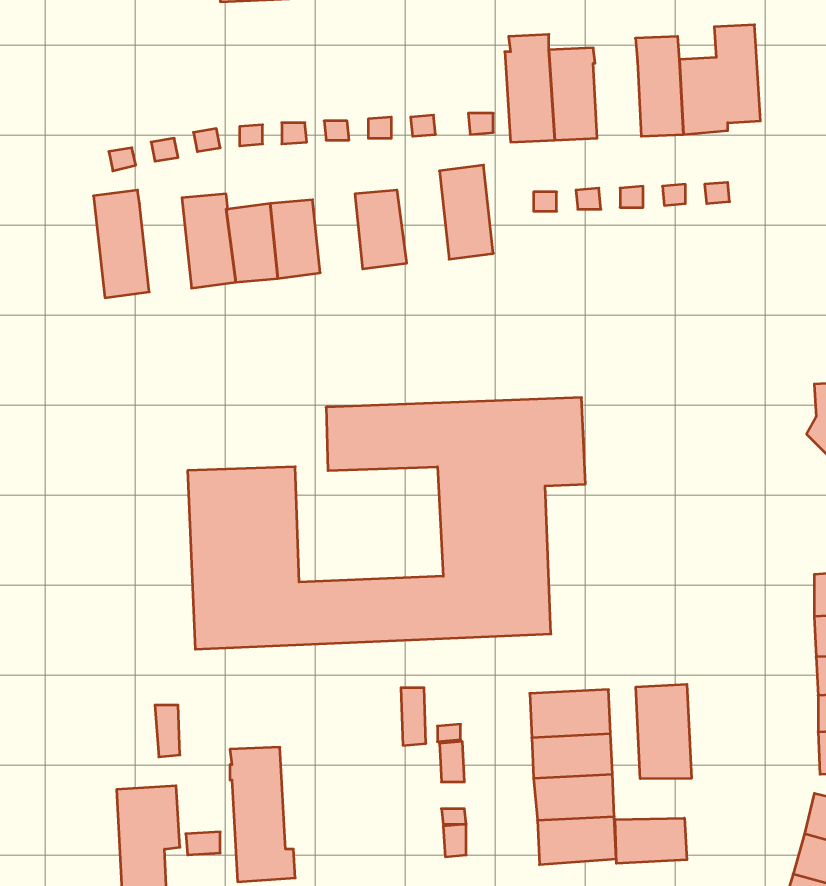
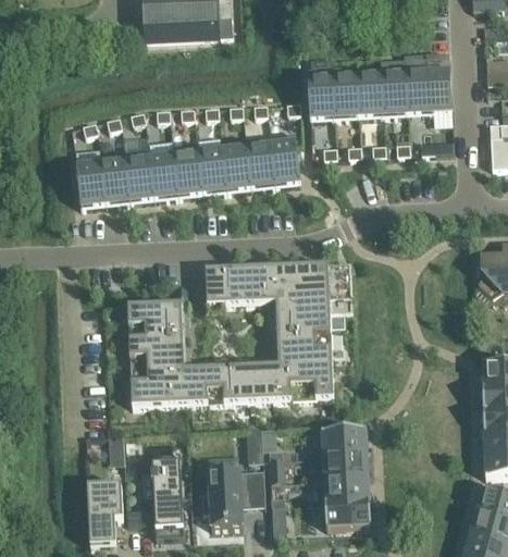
building: none -> [357,73,384,116]
building: none -> [198,135,226,193]
building: none -> [245,135,275,187]
building: none -> [100,150,129,203]
building: [636,684,691,779] -> none
building: none -> [201,470,265,527]
building: [615,818,687,863] -> none

